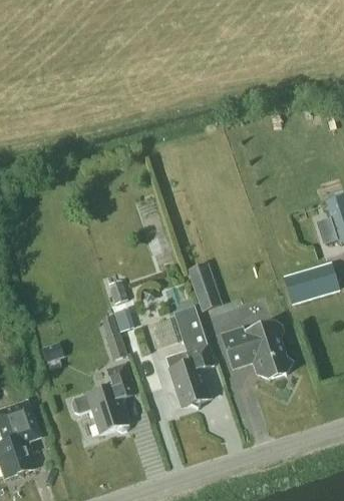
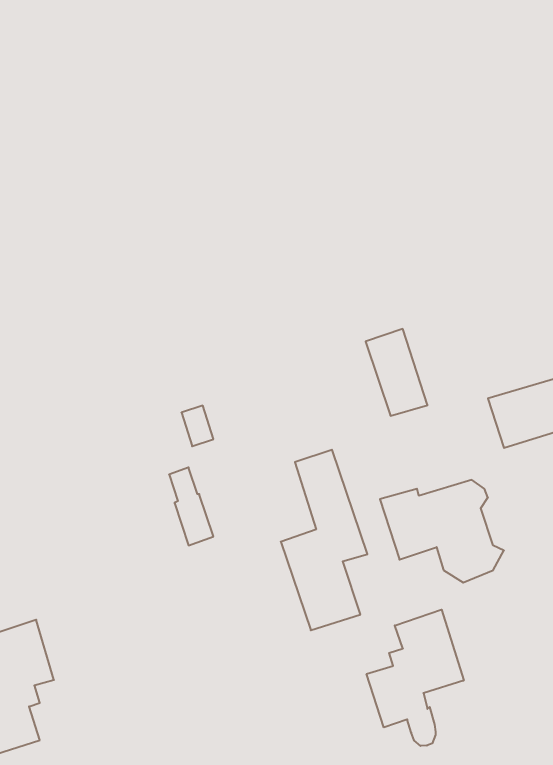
building: [188,262,223,311] -> [366,329,428,416]
building: [71,363,135,434] -> none
building: none -> [367,610,464,746]

